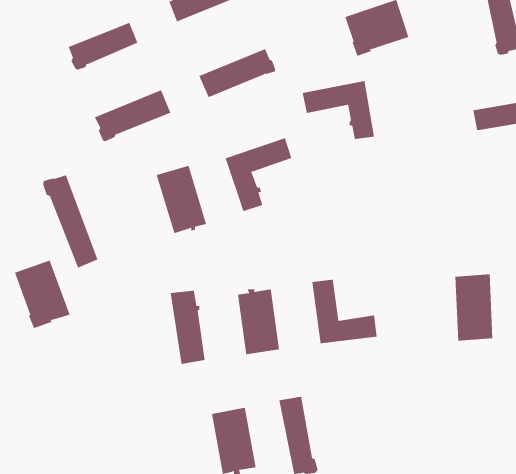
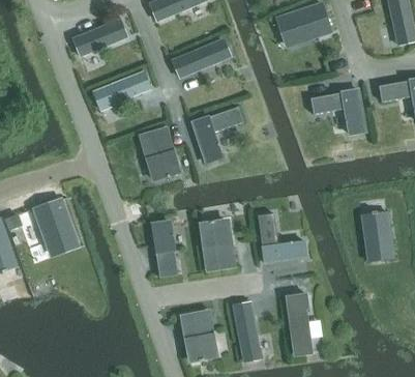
building: [302,81,375,140] -> [310,89,365,134]
building: [43,174,98,268] -> none
building: none -> [286,293,312,353]

